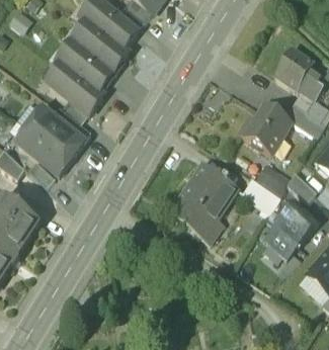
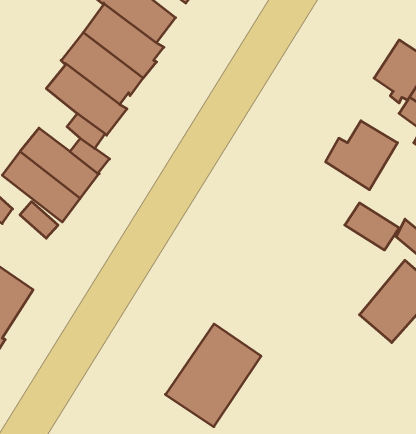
building: [169,163,235,234] -> [165,324,261,427]
building: [243,175,280,207] -> none

